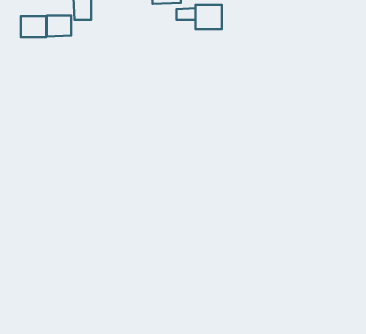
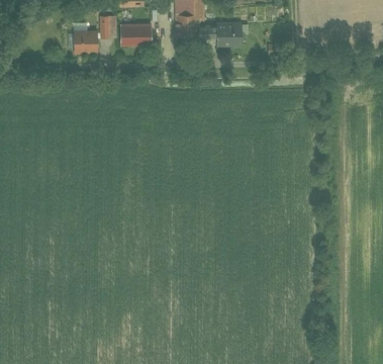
building: none -> [120,25,151,47]
building: [21,16,46,37] -> none

